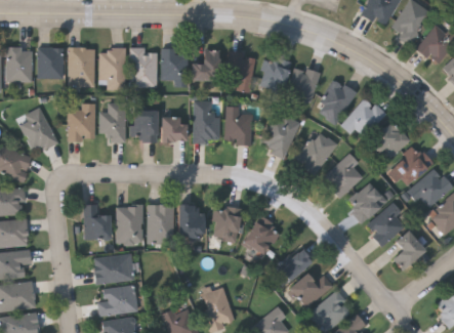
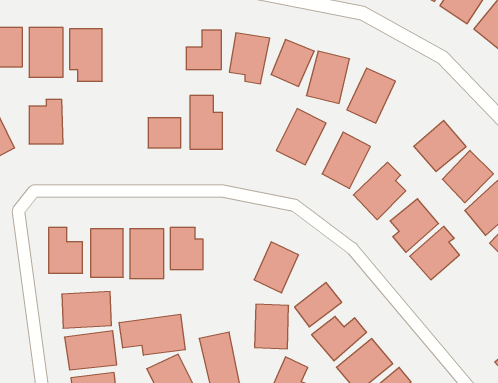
building: [131,47,156,86] -> none
building: [162,48,187,82] -> none
building: [341,96,384,140] -> none
building: [99,102,125,141] -> none
building: [224,106,251,143] -> none
building: [133,110,156,141] -> none
building: [212,206,239,241] -> [255,304,289,349]
building: [391,231,424,269] -> none
building: none -> [119,314,185,355]

